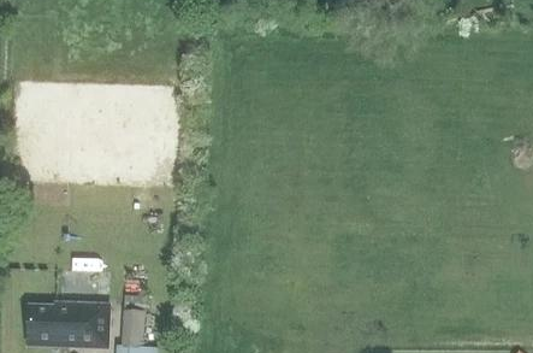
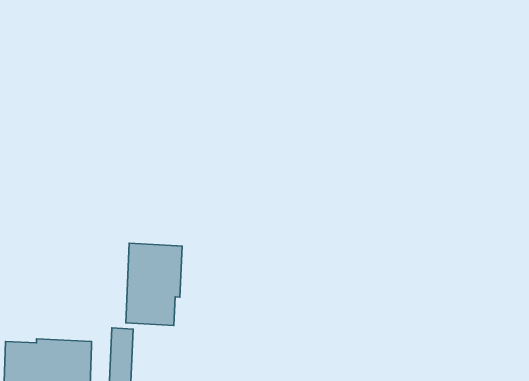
building: none -> [126,243,182,325]

